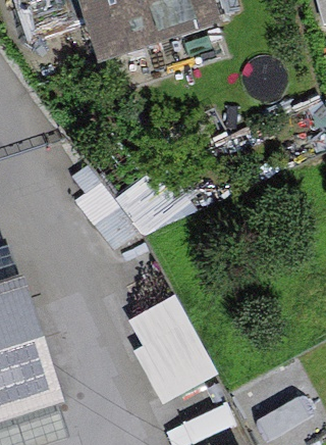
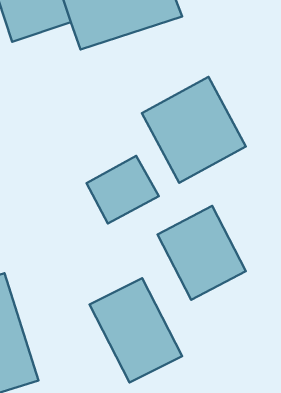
building: none -> [142,77,246,183]
building: none -> [158,206,246,300]

